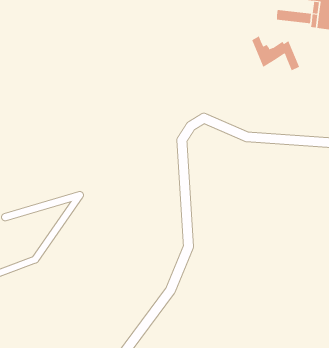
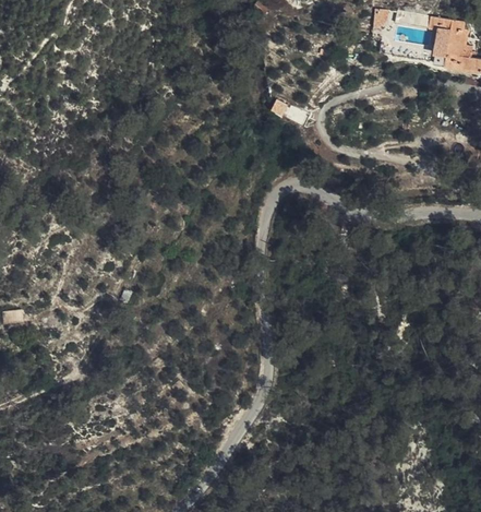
building: [252,35,300,71] -> none

